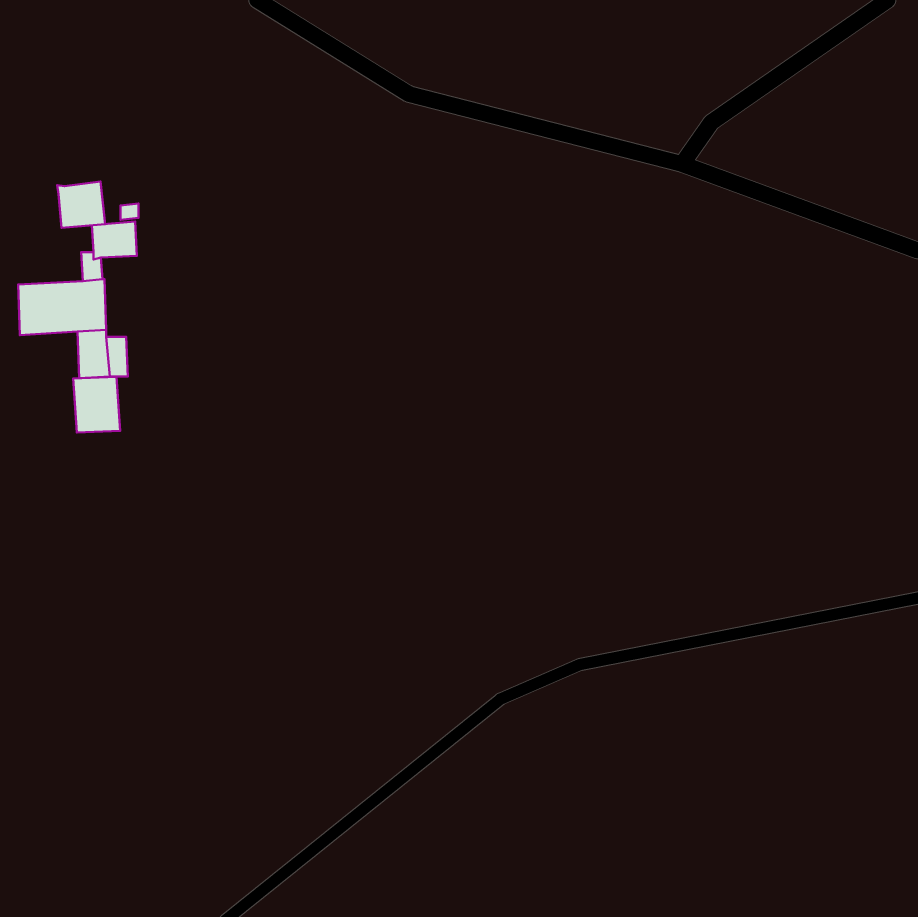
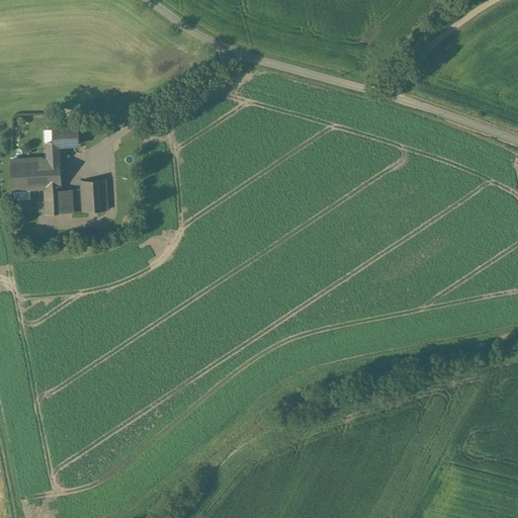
building: [57,182,105,228] -> none
building: [73,377,120,433] -> [80,181,106,212]

